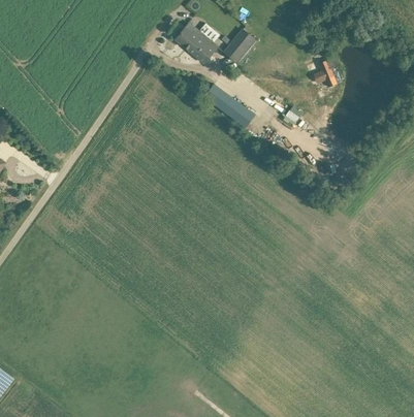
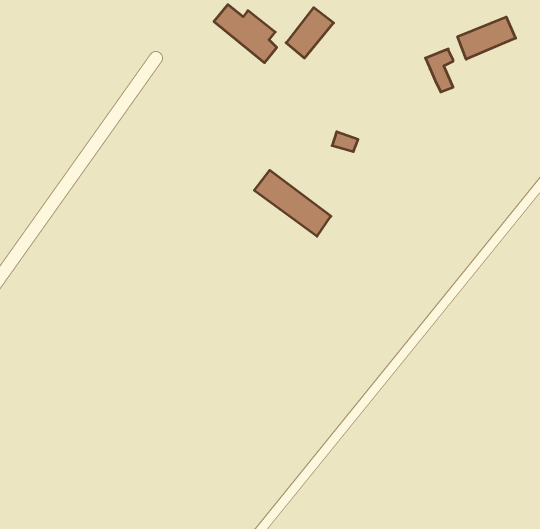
building: none -> [458,17,516,59]
building: [203,84,255,128] -> [254,170,331,236]

